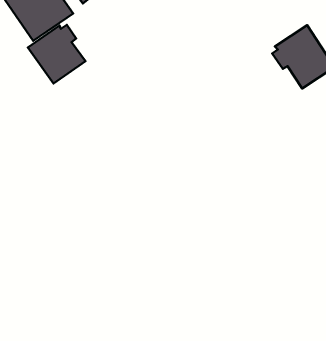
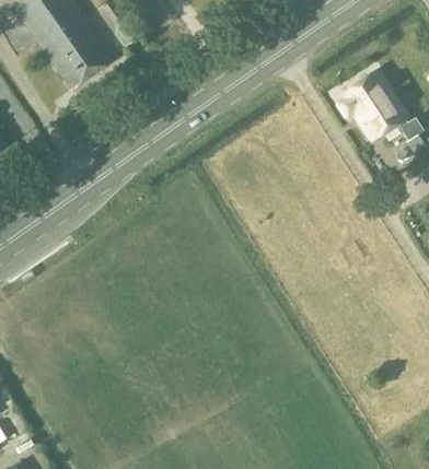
building: [28,25,85,83] -> none

